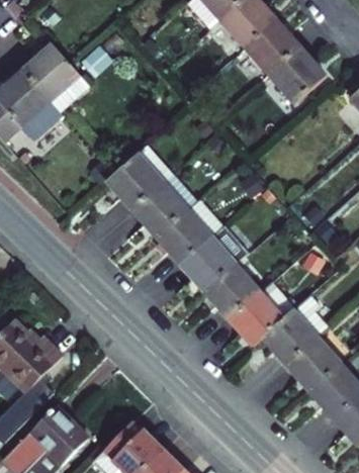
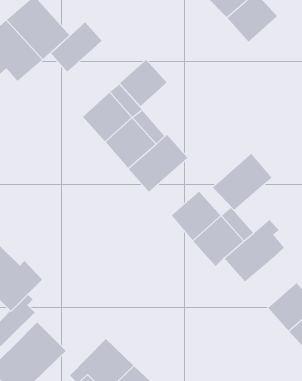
building: none -> [50,22,102,72]
building: none -> [119,59,168,107]
building: [178,224,245,288] -> [212,153,273,210]
building: [284,335,342,390] -> none

